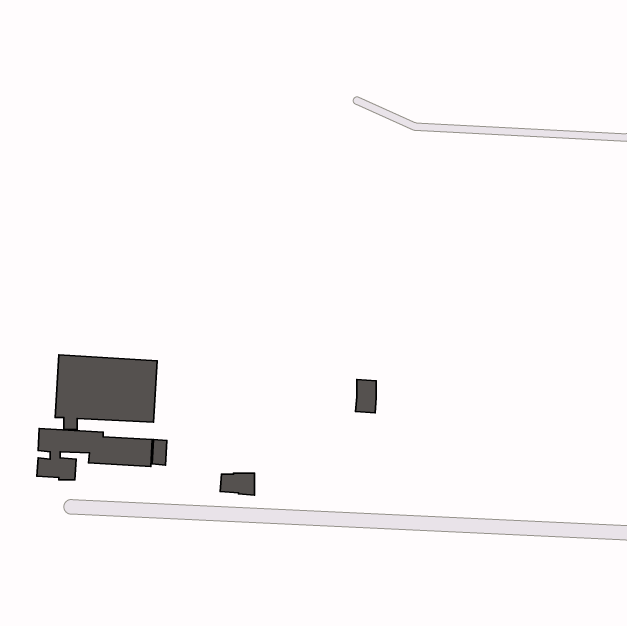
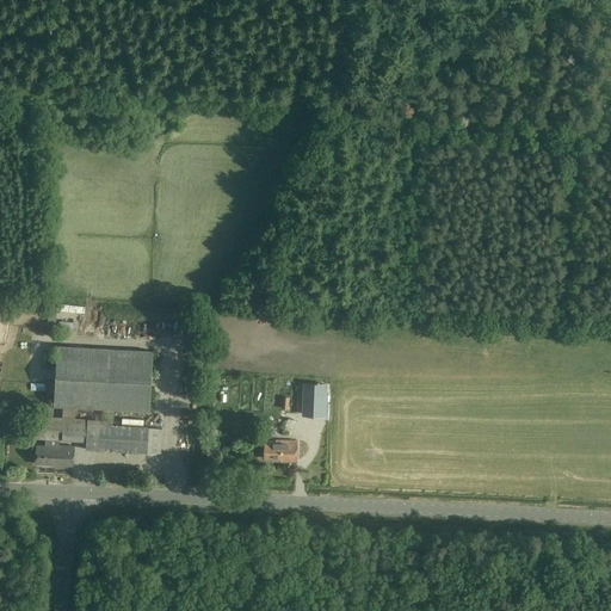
building: [355,380,376,413] -> [303,384,323,416]
building: [220,473,254,495] -> [264,442,297,463]

